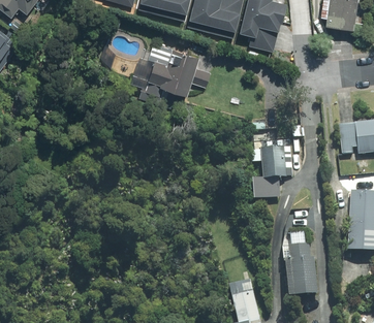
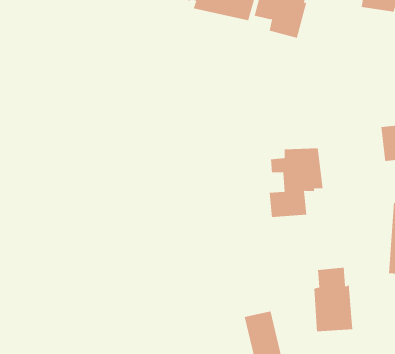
building: [131,45,212,97] -> none

